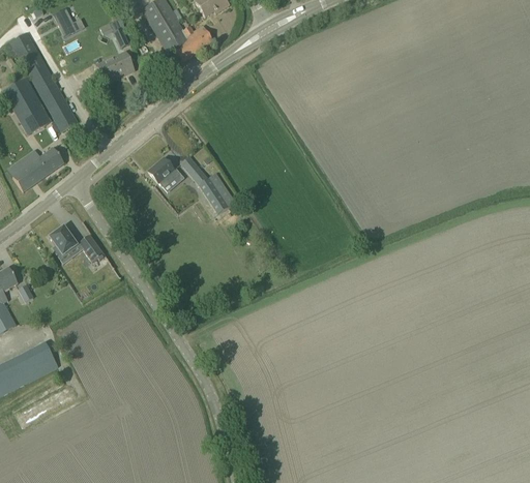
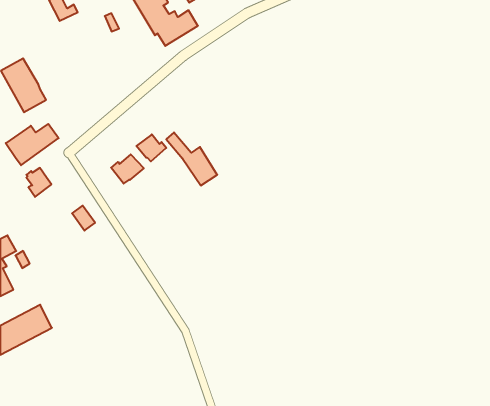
building: [9,32,78,131] -> none
building: [97,52,135,81] -> none
building: none -> [111,154,144,184]
building: [50,227,77,258] -> [26,168,51,197]

